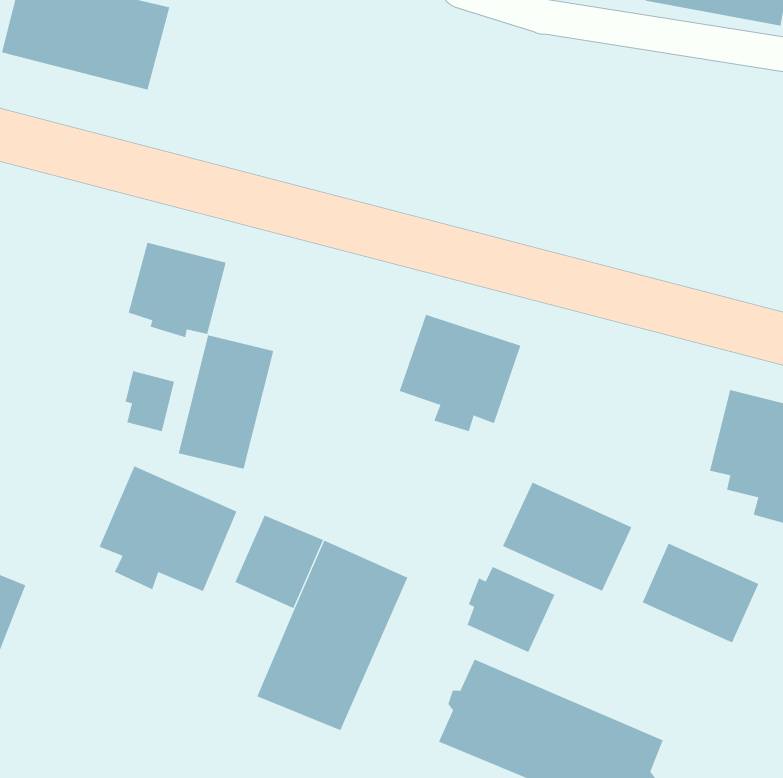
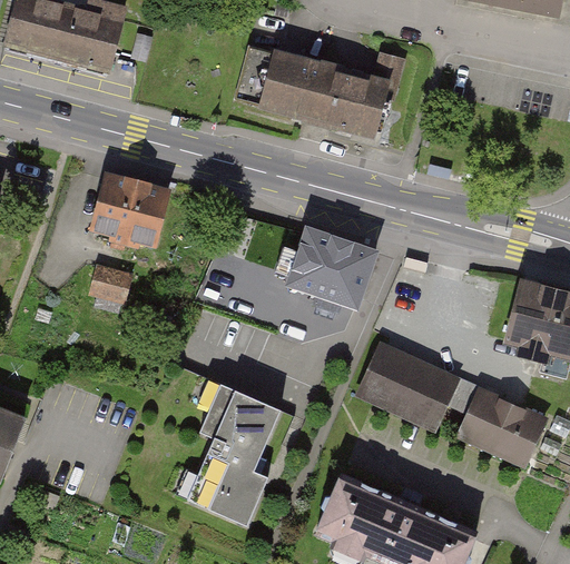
building: none -> [236,48,386,133]
building: [178,335,274,470] -> none
building: [99,465,237,592] -> none
building: [467,566,555,653] -> none

